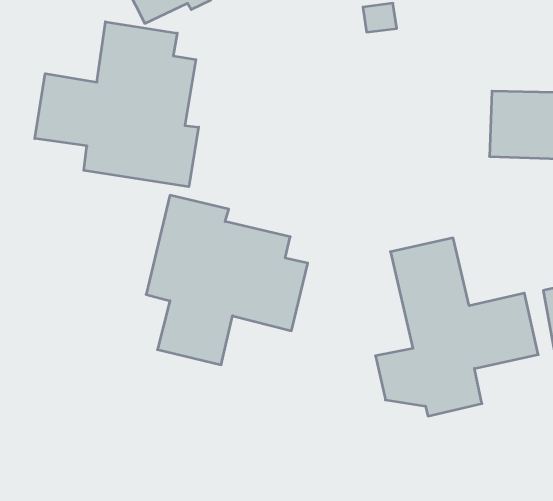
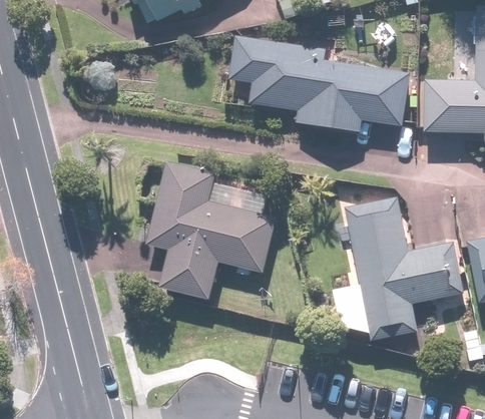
building: [35,22,199,187] -> none
building: none -> [228,35,409,132]

